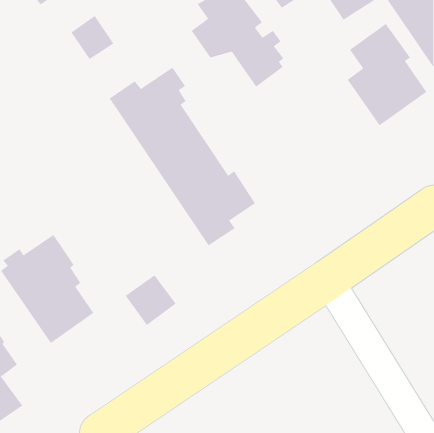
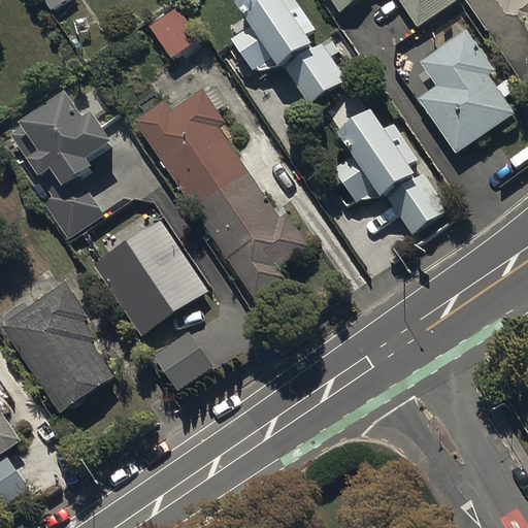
building: [70,15,114,60] -> [147,4,200,58]
building: none -> [9,94,113,239]
building: none -> [333,110,448,234]
building: none -> [93,219,208,336]

